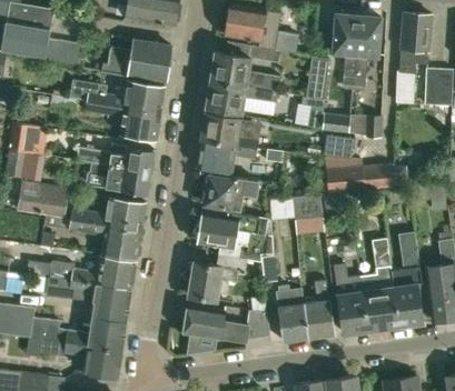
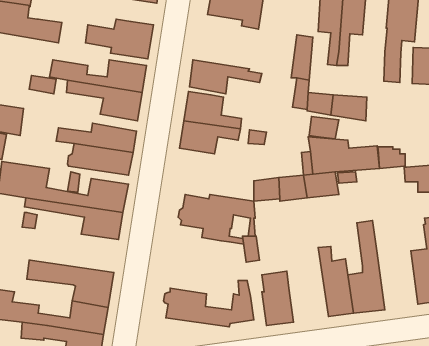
building: [210,52,280,94] -> none
building: [202,177,258,210] -> none
building: [392,231,423,327] -> none
building: [188,255,246,301] -> none
building: [49,257,137,290] -> none
building: [305,282,334,339] -> none

